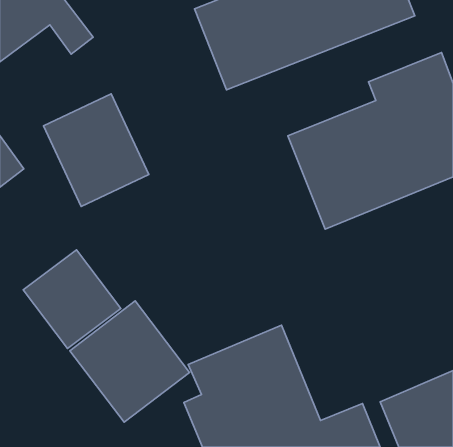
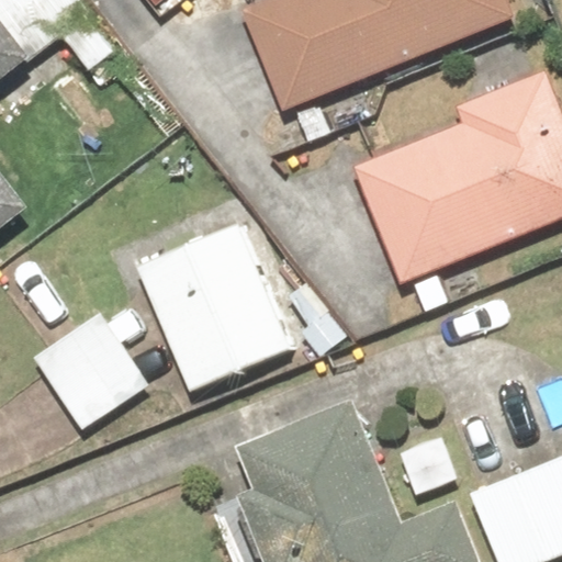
building: [44,94,149,207] -> none
building: none -> [136,221,297,389]
building: [70,301,189,422] -> none

